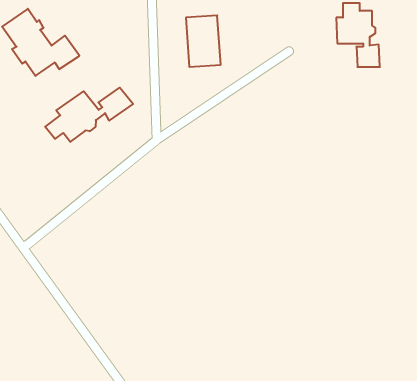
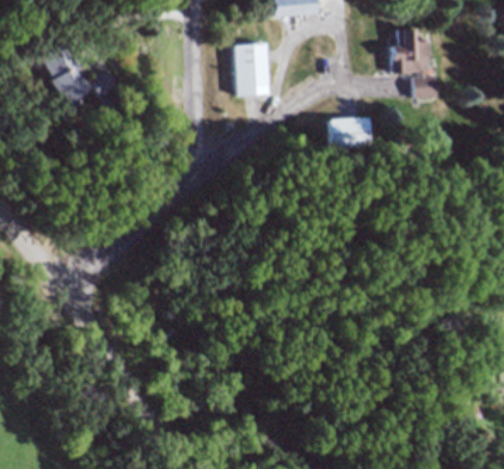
building: none -> [330,117,370,149]
building: [45,88,133,142] -> none

